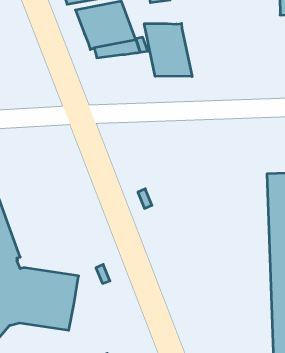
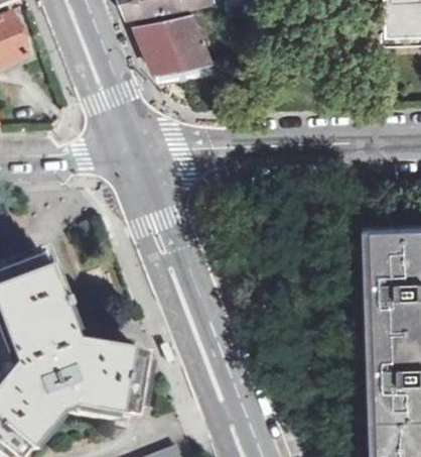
building: [144,23,192,77] -> none

